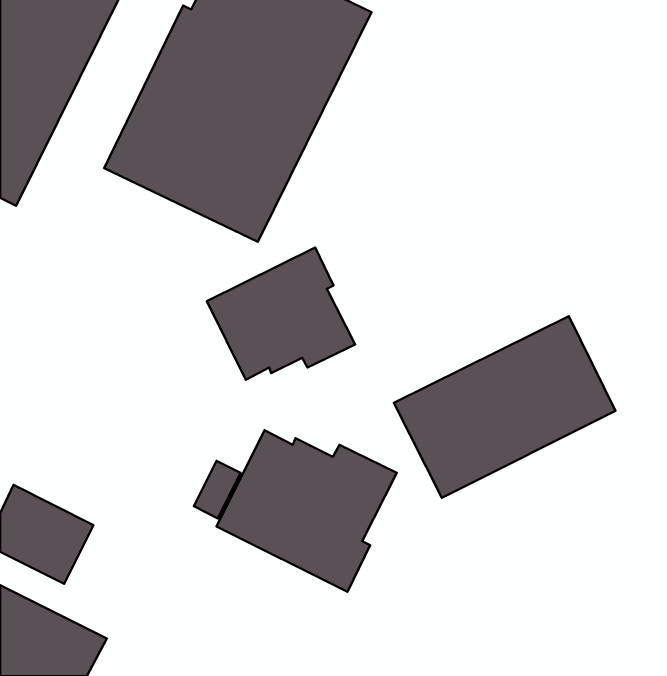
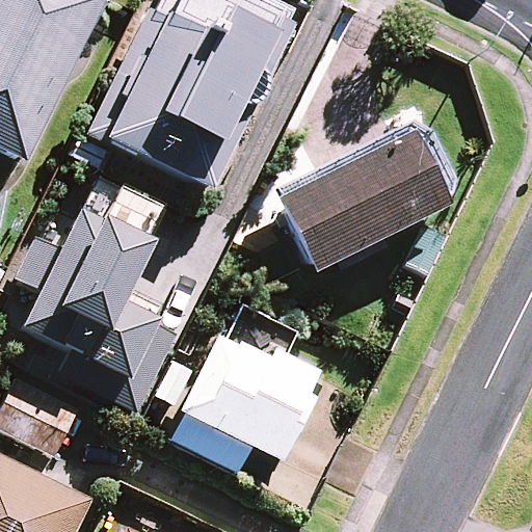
building: [207,247,355,380] -> none
building: none -> [21,208,183,411]
building: [394,316,616,498] -> [278,130,451,271]

